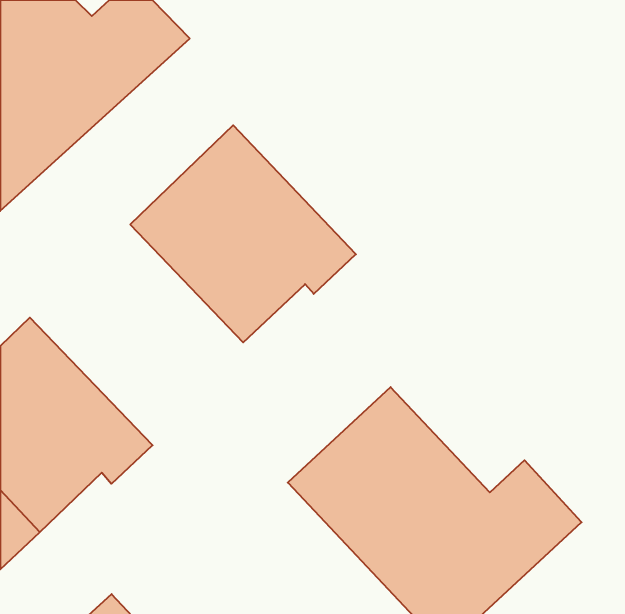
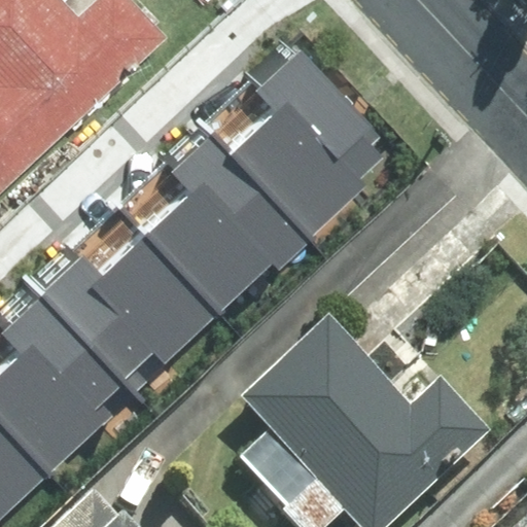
building: none -> [201,37,385,227]
building: none -> [32,203,209,386]

